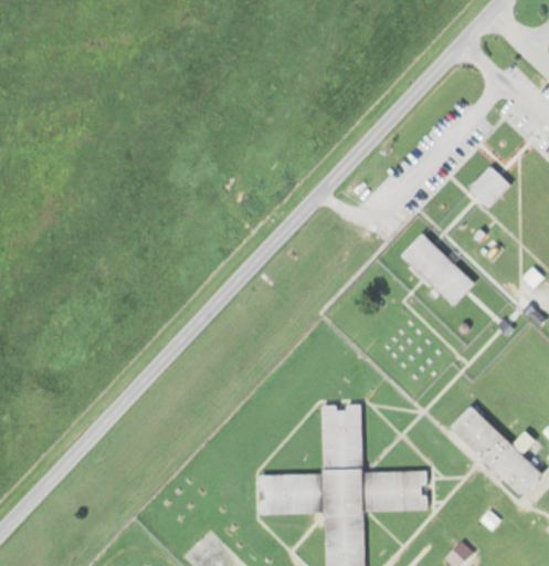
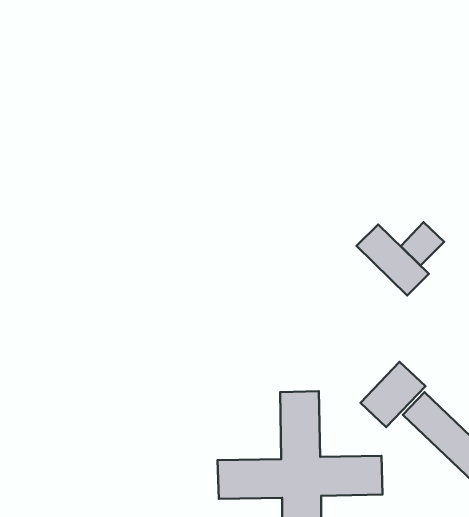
building: [467,166,511,210] -> [401,222,444,265]
building: none -> [360,362,426,427]

